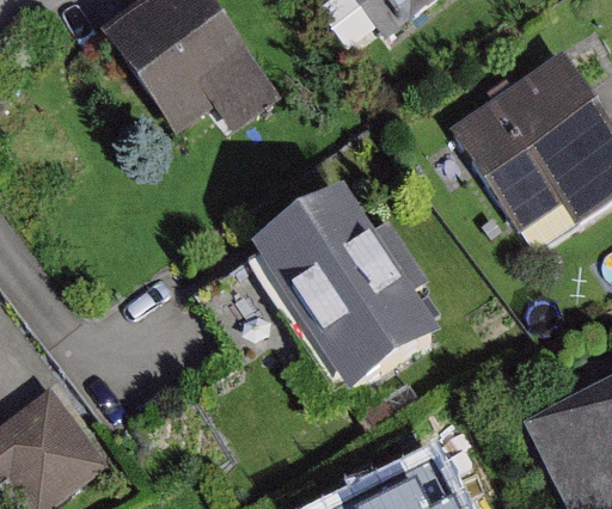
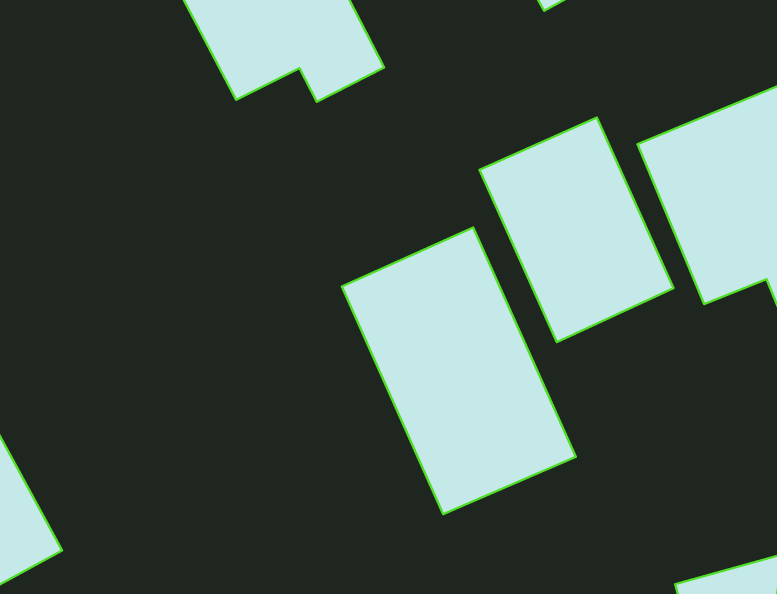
building: none -> [480,118,674,342]

